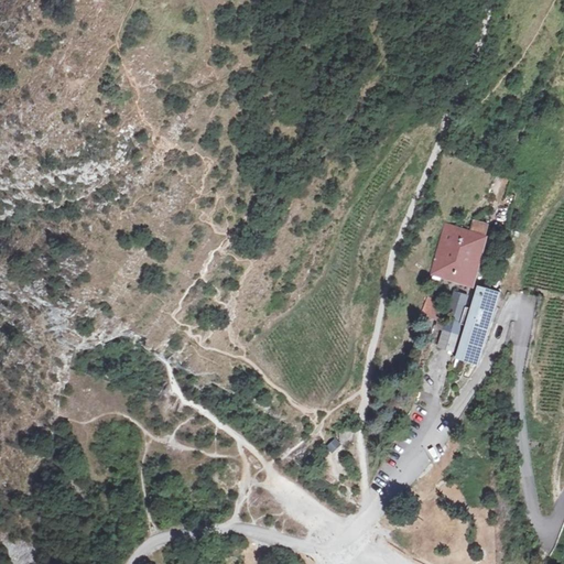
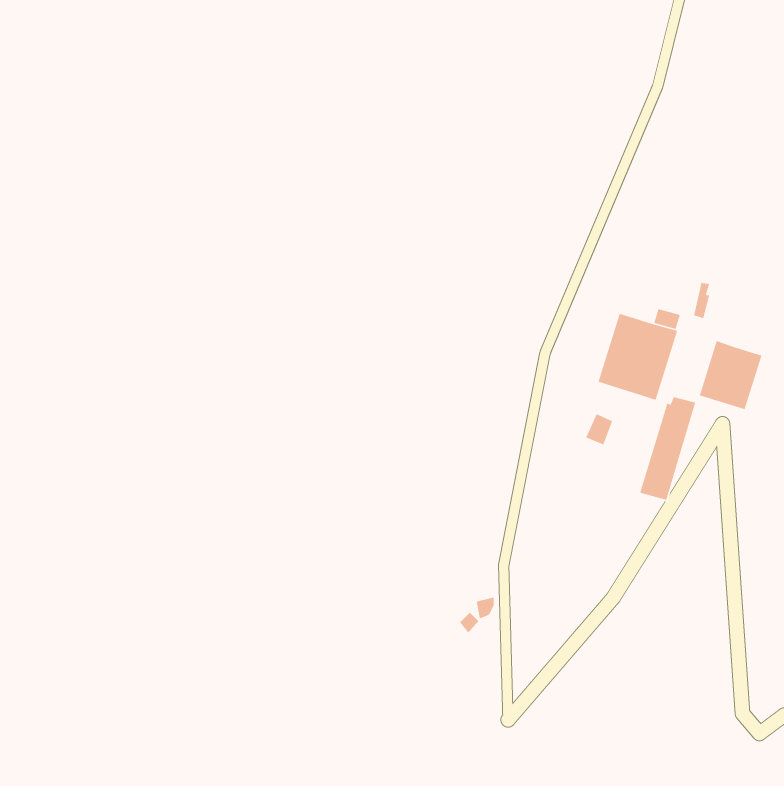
building: none -> [699,340,762,410]

